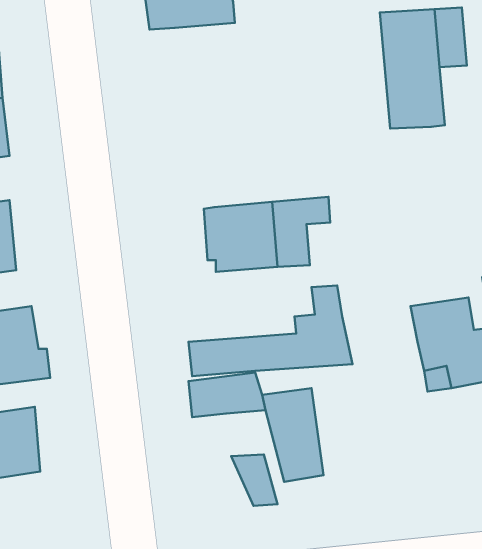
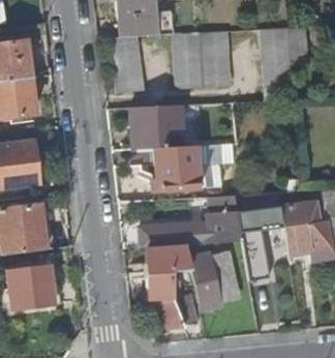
building: none -> [173,30,232,88]
building: none -> [111,36,143,93]
building: none -> [131,103,182,147]
building: none -> [238,205,283,282]
building: none -> [147,270,184,328]

